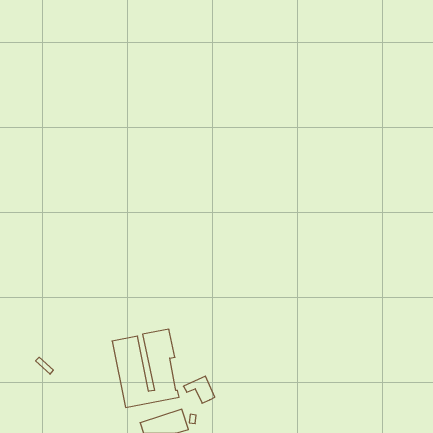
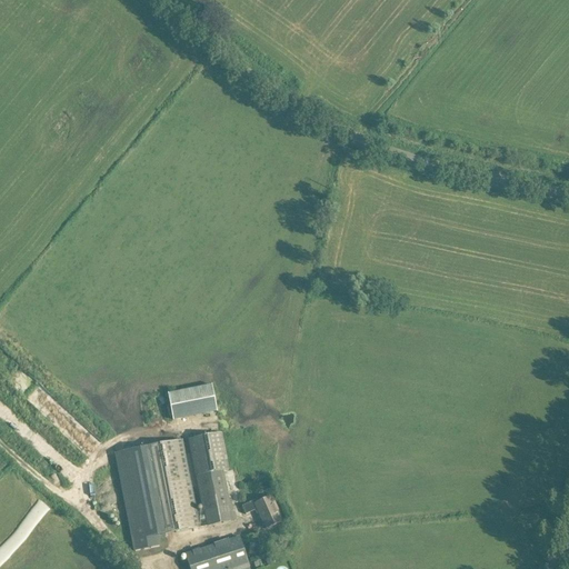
building: none -> [167,383,216,419]
building: none -> [114,446,164,549]

